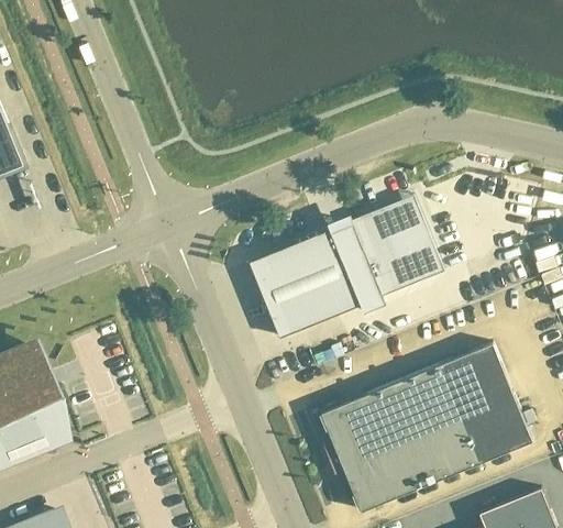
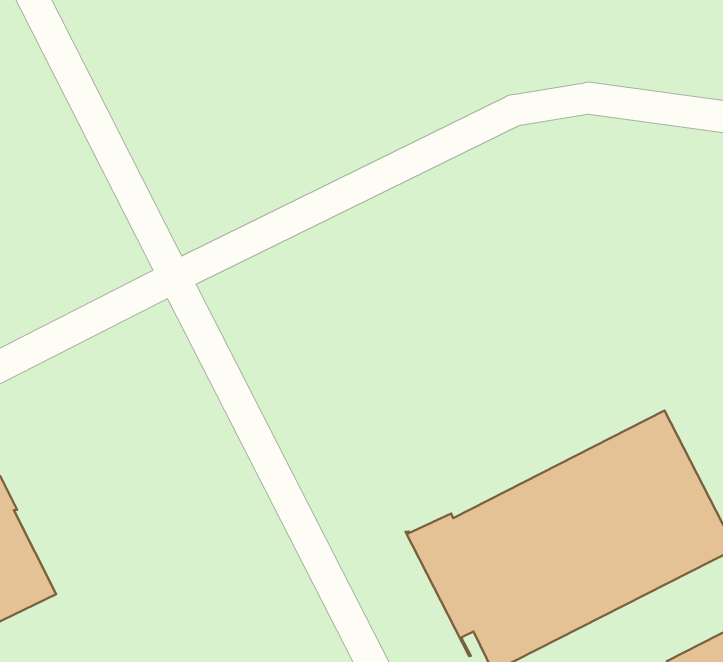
building: [249,195,444,338] -> none

